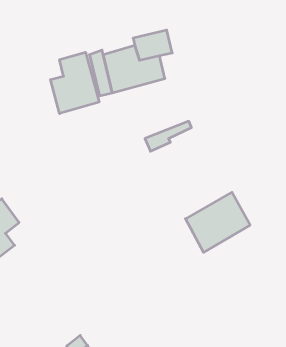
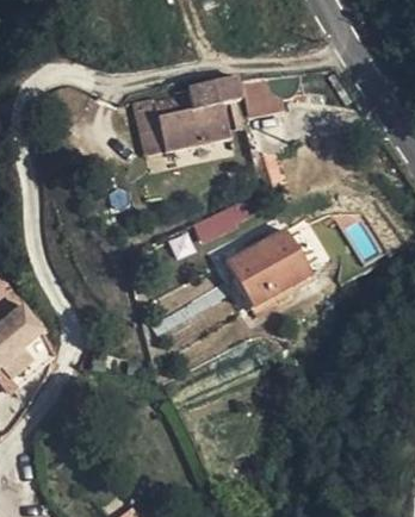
building: none -> [243,80,291,117]
building: [50,52,99,114] -> none
building: [185,192,250,252] -> [222,219,306,298]

